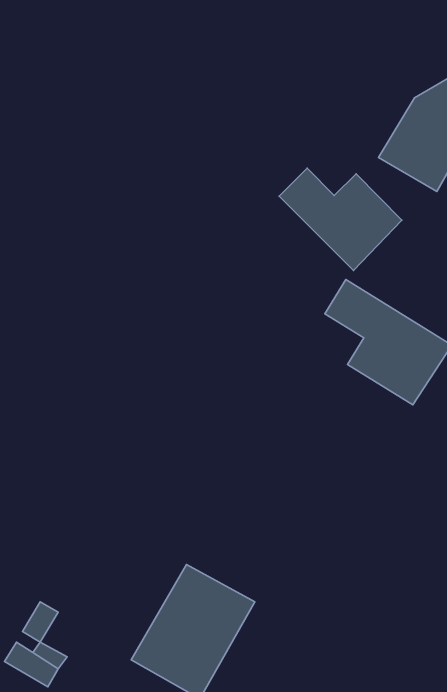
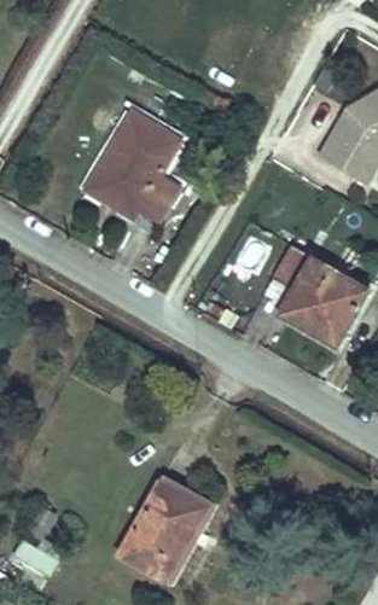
building: none -> [89,107,186,226]
building: [279,168,402,270] -> none

